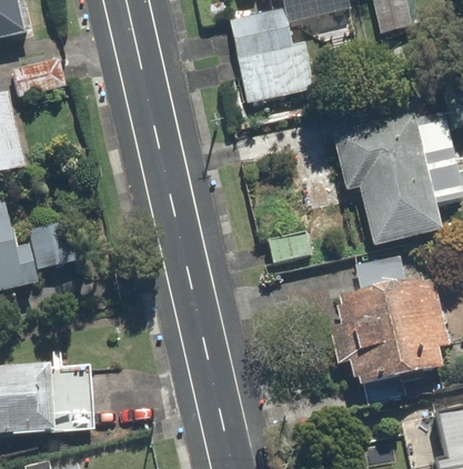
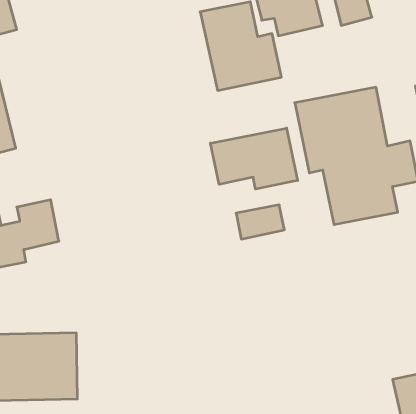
building: none -> [210,128,298,189]
building: [328,247,450,387] -> none

